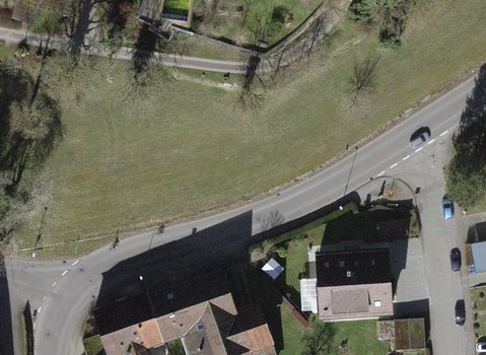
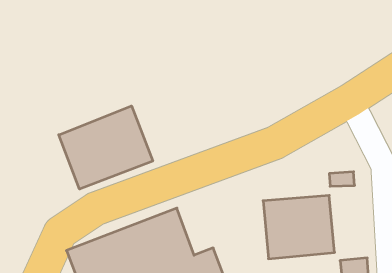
building: none -> [59,106,153,189]

